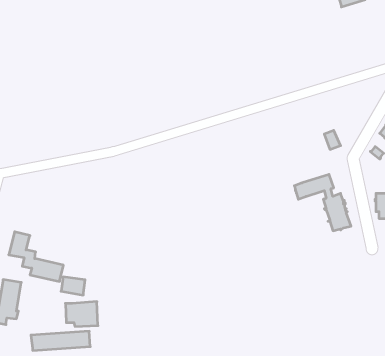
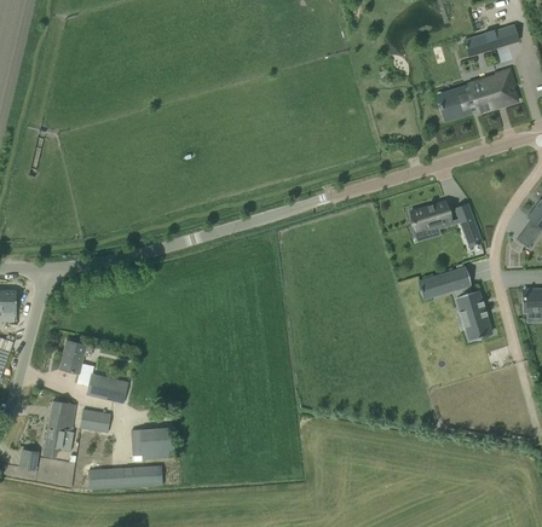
building: none -> [438,68,518,120]
building: none -> [410,201,450,238]
building: [61,277,85,295] -> [80,410,110,433]

